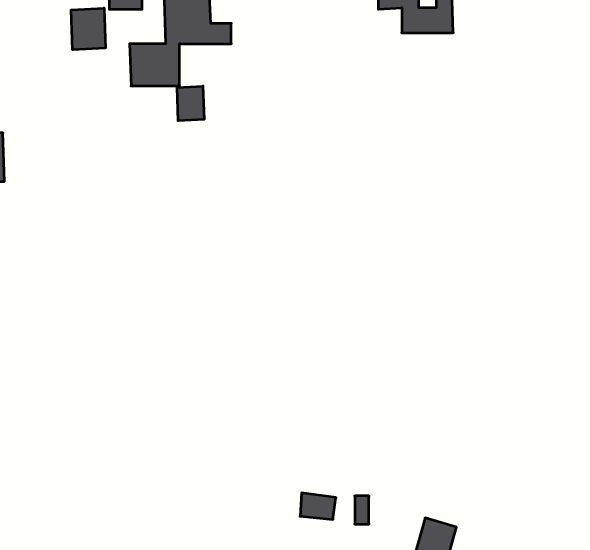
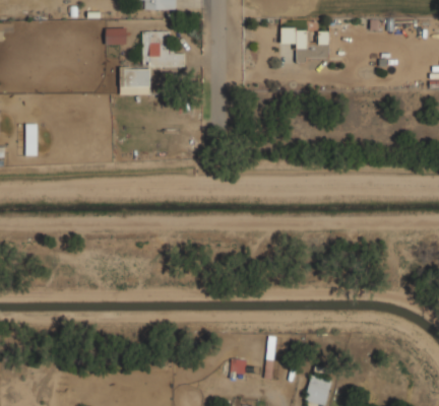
building: [71,8,105,50] -> none
building: [177,86,204,121] -> none

